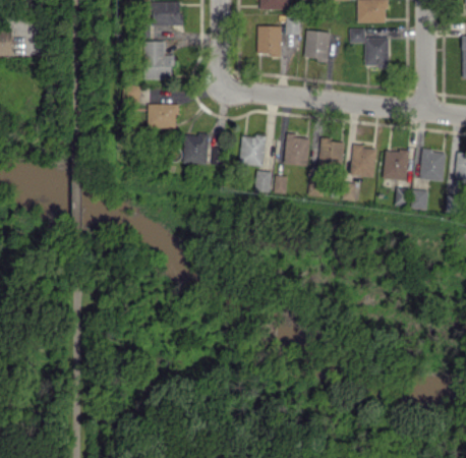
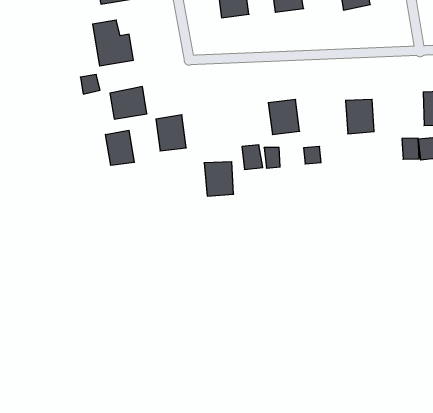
building: [239,134,266,166] -> [204,162,234,196]
building: [318,139,344,167] -> none
building: none -> [106,130,134,165]
building: [383,150,409,181] -> none

